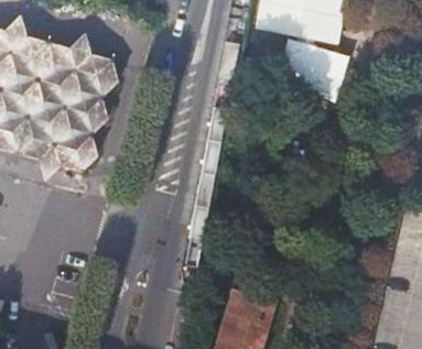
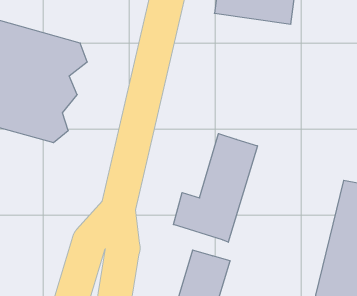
building: [277,43,348,100] -> none
building: none -> [173,134,257,242]

